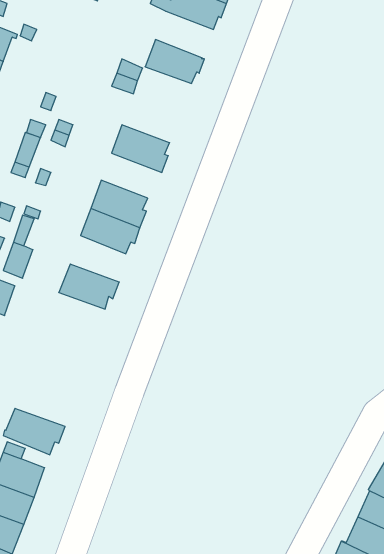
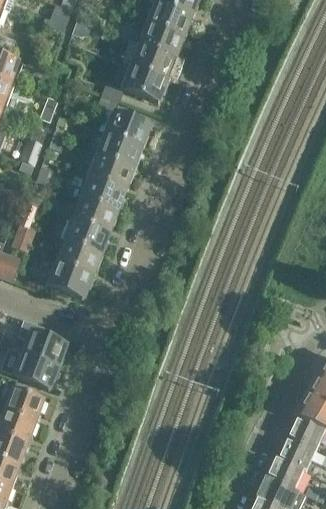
building: none -> [130,44,176,80]
building: none -> [104,111,149,146]
building: none -> [88,154,135,189]
building: none -> [64,218,107,254]
building: none -> [45,262,93,297]
building: none -> [21,329,65,366]

